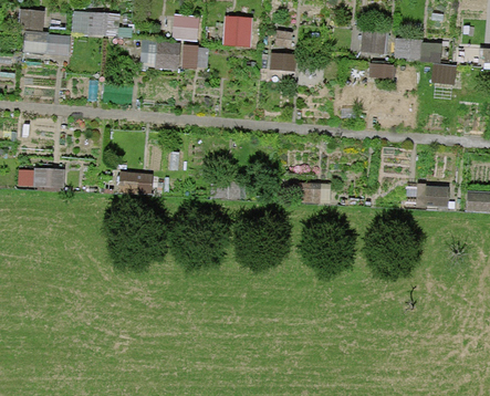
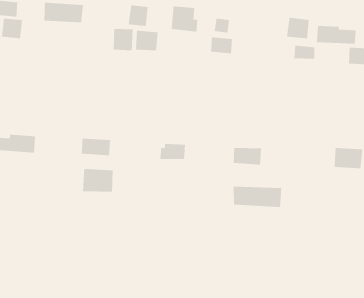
building: none -> [82,168,113,193]
building: none -> [233,186,282,208]

